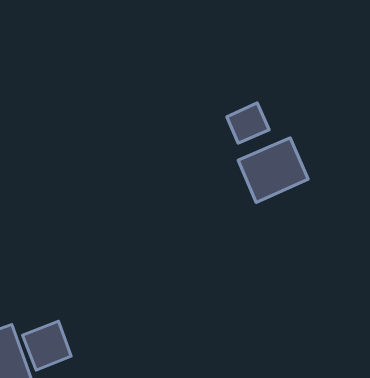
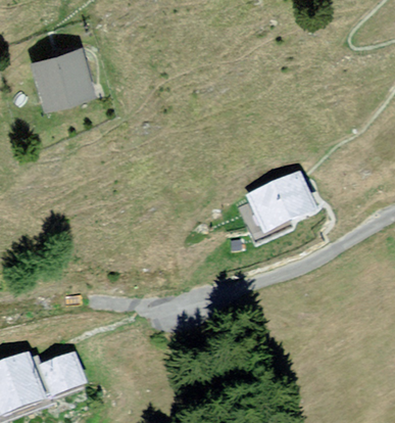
building: none -> [31,45,95,107]
building: [227,103,269,143] -> none

